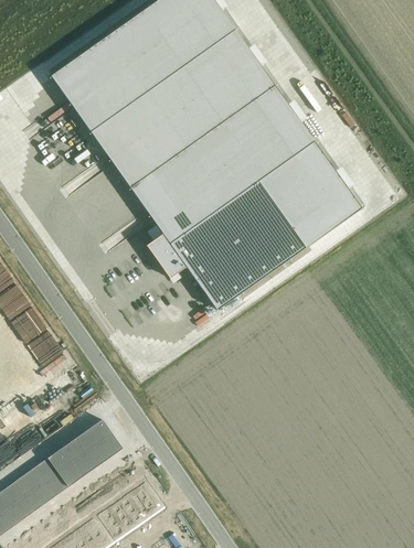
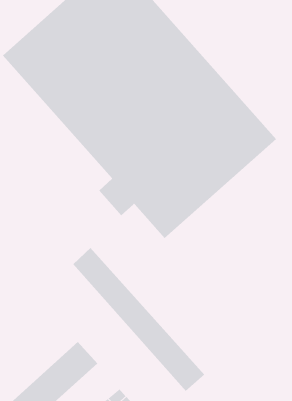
building: none -> [72,247,205,392]

